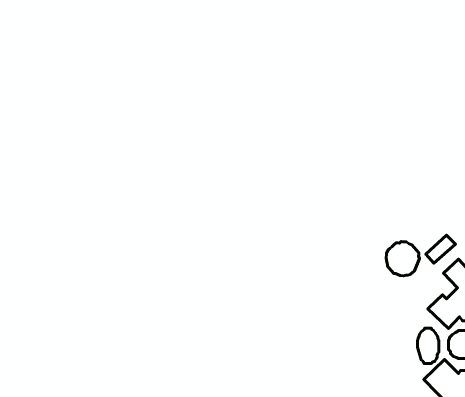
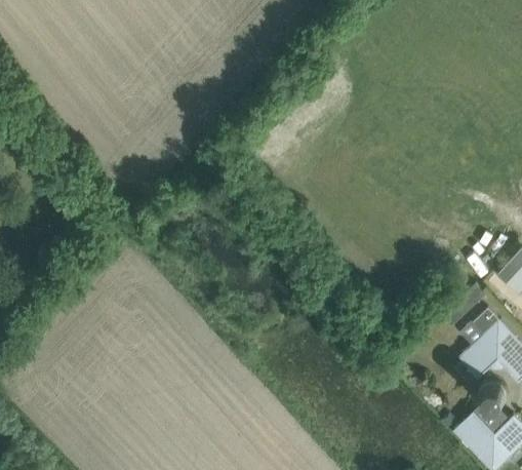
building: [386,242,419,276] -> none
building: [417,328,439,364] -> none

